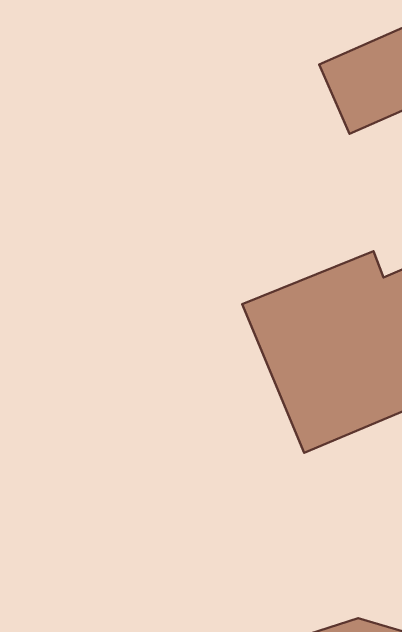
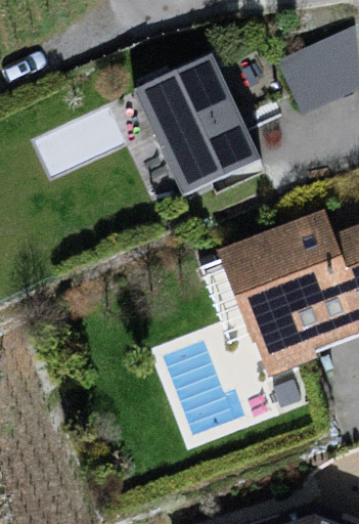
building: none -> [134,53,260,192]

